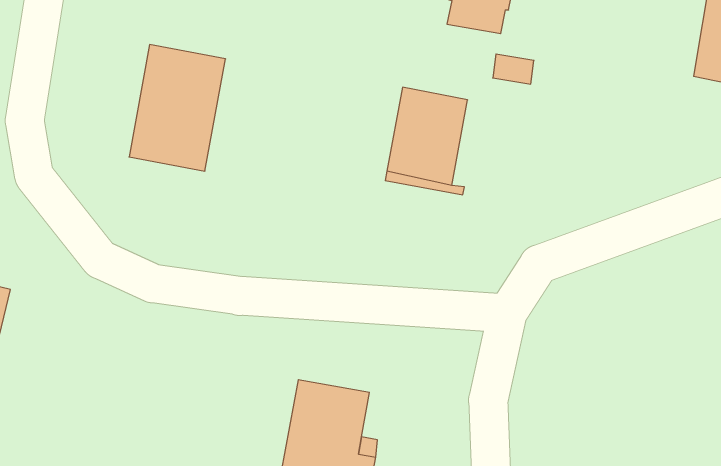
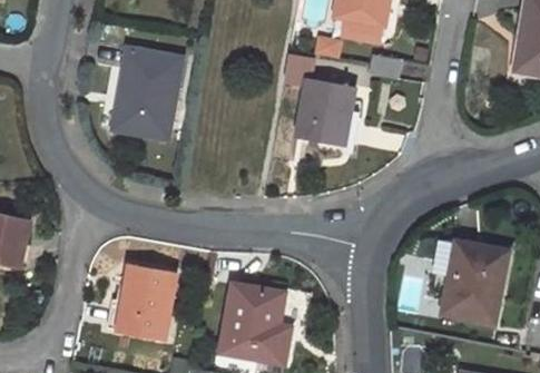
building: none -> [441,243,504,323]
building: none -> [118,266,175,336]

